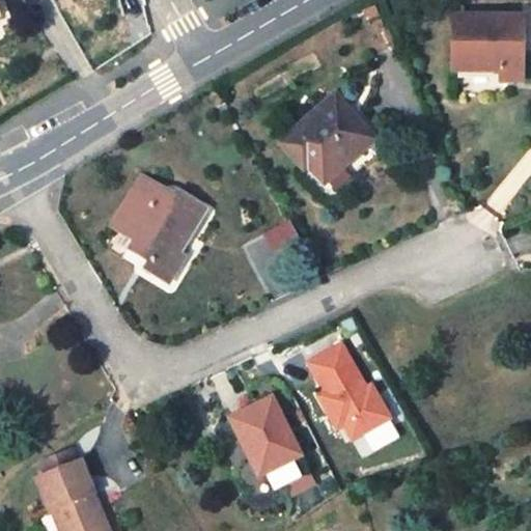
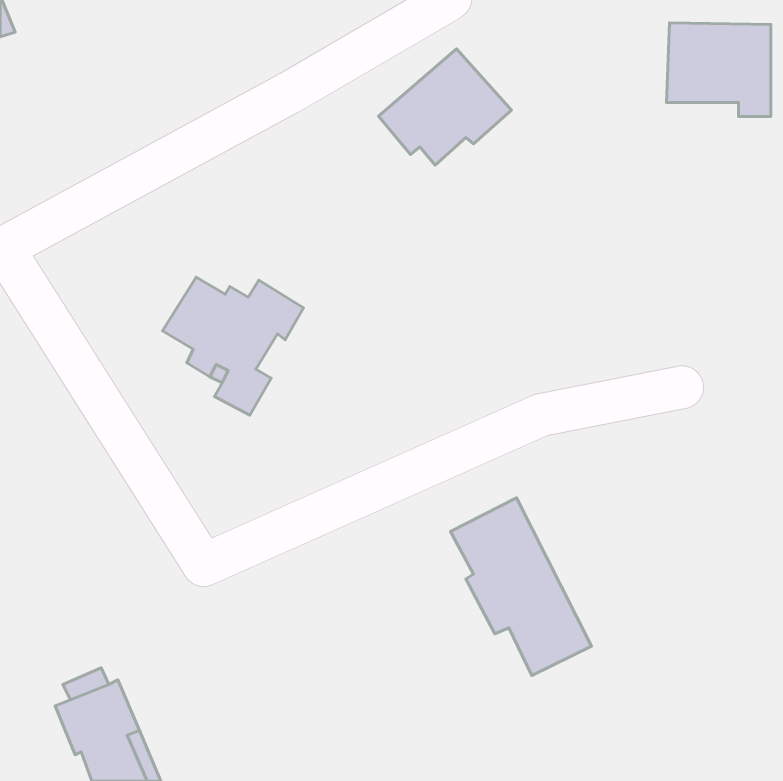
building: [282,96,372,175] -> [378,49,512,165]
building: [229,396,309,484] -> none

